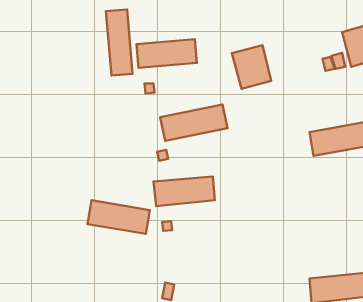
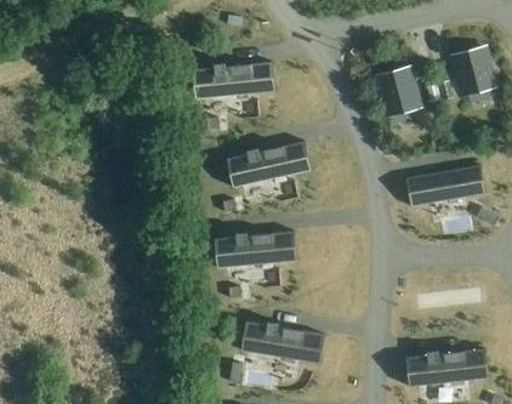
building: [106,9,133,75] -> none
building: [232,45,271,89] -> [374,64,422,118]
building: [88,200,150,234] -> [244,322,320,363]

